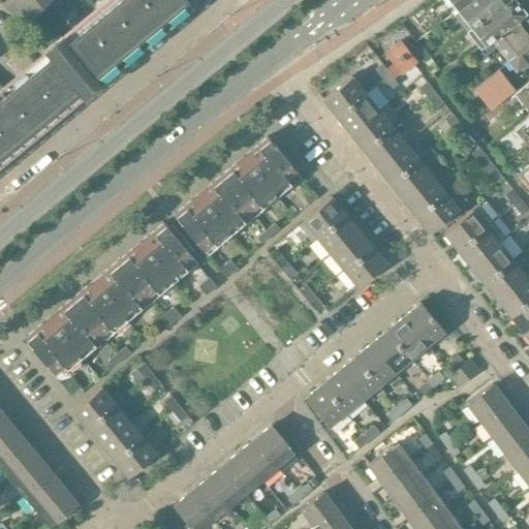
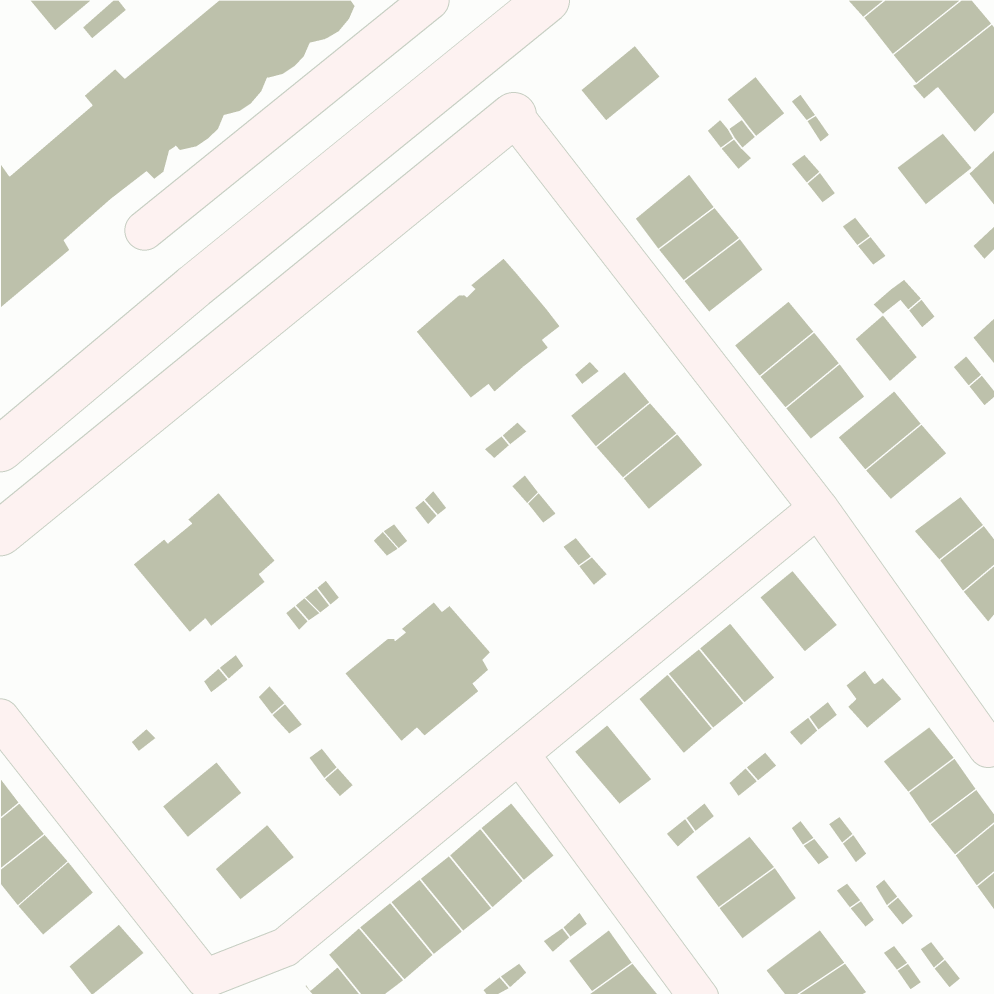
building: [324,77,367,118] -> [581,45,661,121]
building: [377,145,419,185] -> none
building: none -> [855,314,917,382]
building: [176,178,251,252] -> none
building: [118,224,195,299] -> [344,601,491,742]
building: [473,247,510,283] -> none
building: [345,248,387,288] -> none
building: [26,301,102,375] -> none
building: [388,318,428,361] -> none
building: [323,372,364,414] -> none
building: [74,388,117,429] -> none
building: [101,422,144,462] -> none
building: [25,474,65,514] -> none
building: [395,477,436,516] -> none

